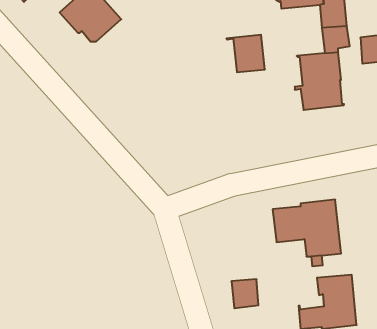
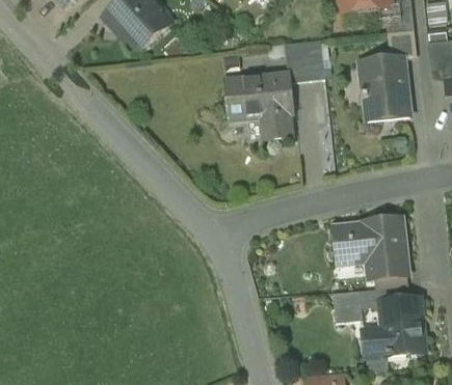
building: none -> [227,74,292,136]
building: [231,279,258,308] -> [333,290,362,321]

